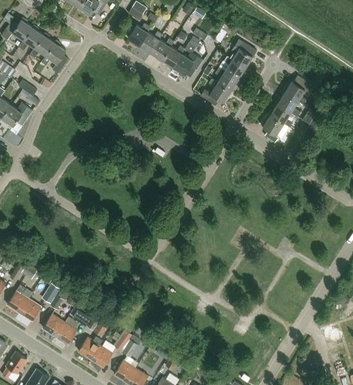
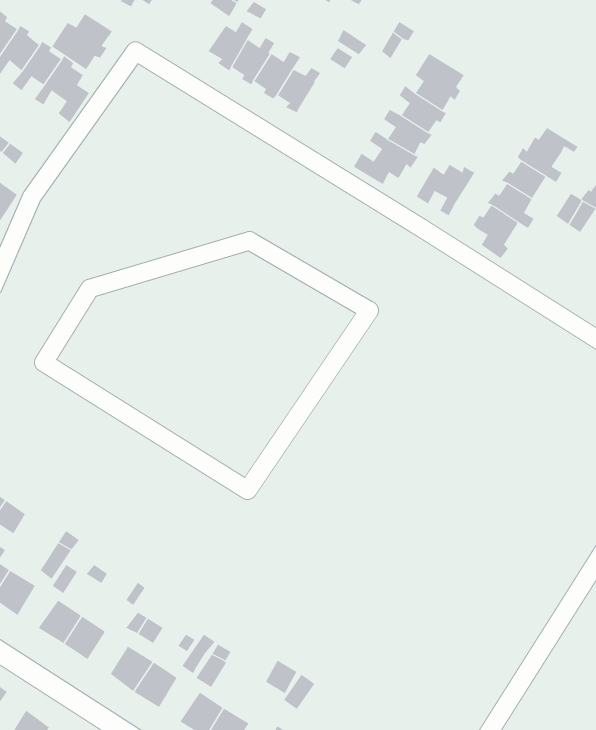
building: none -> [51,13,113,70]
building: [173,52,202,76] -> none
building: none -> [416,164,475,216]

